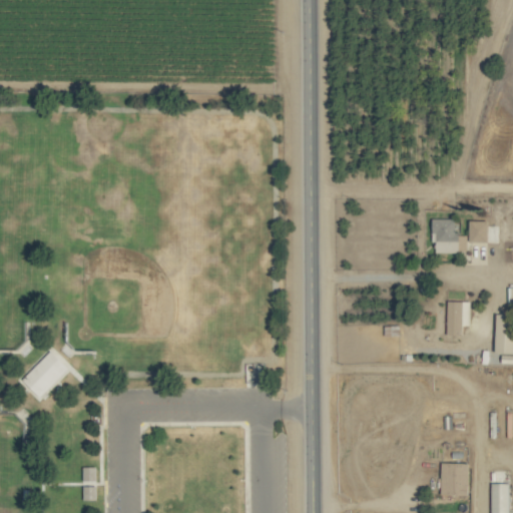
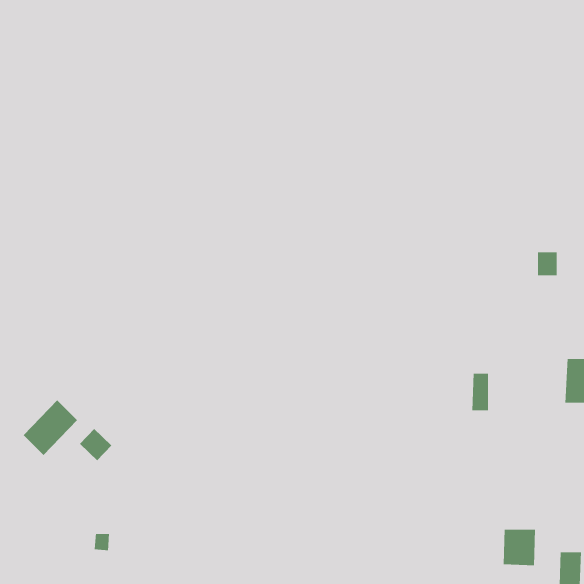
building: [433,219,468,253] -> none
building: [448,303,463,336] -> [472,373,489,411]
building: none -> [79,428,112,461]

